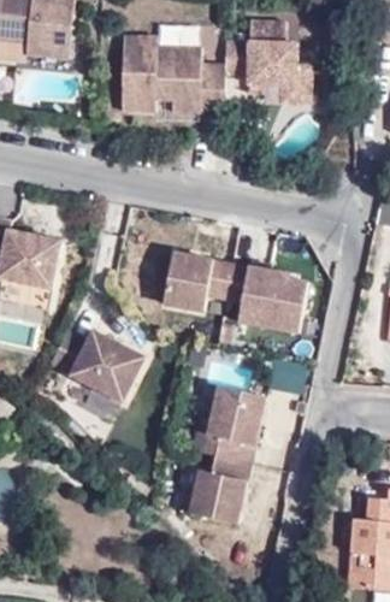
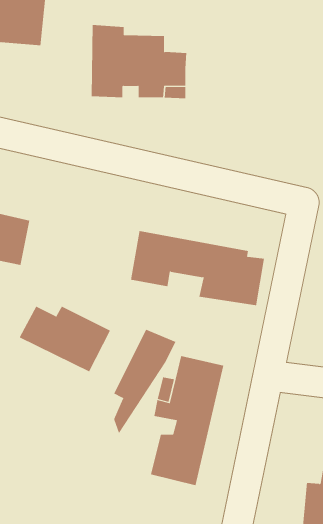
building: [225,16,314,100] -> none
building: none -> [113,329,176,434]

